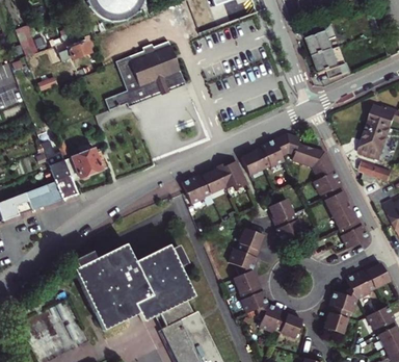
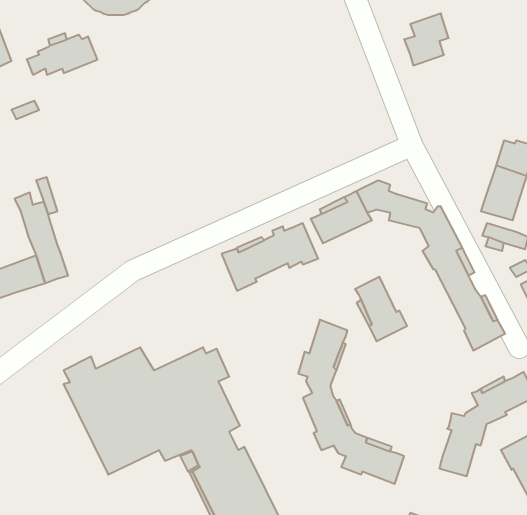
building: [103,40,184,108] -> none
building: [310,47,345,77] -> none
building: [63,150,106,181] -> none

